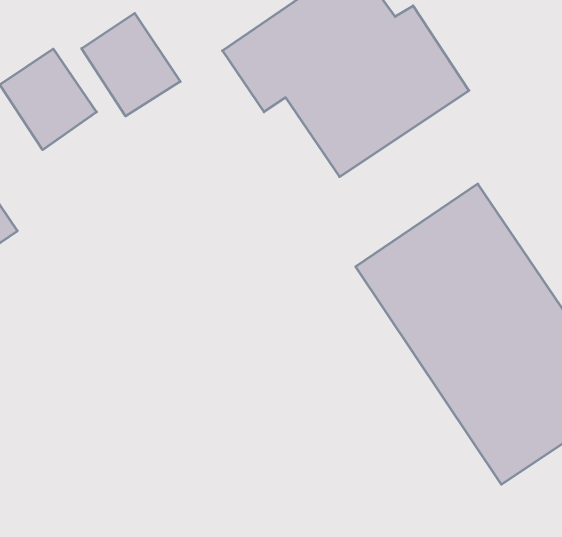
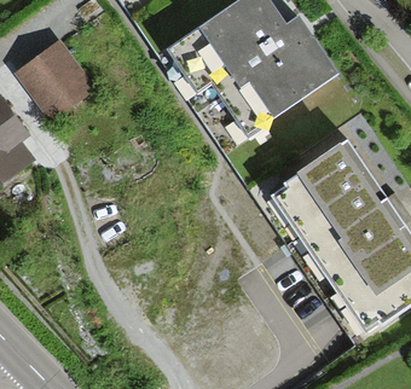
building: [82,13,180,116] -> none

